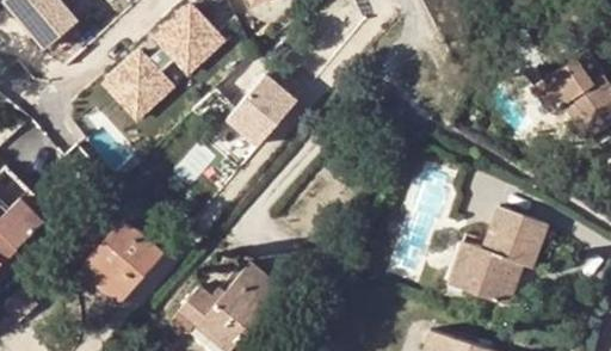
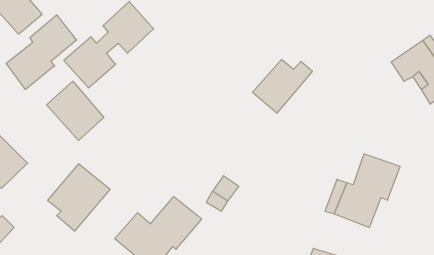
building: none -> [6,15,77,89]
building: [226,74,304,144] -> [253,60,312,113]
building: none -> [47,81,104,140]

